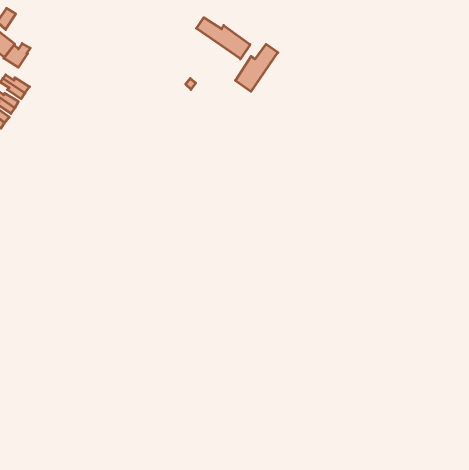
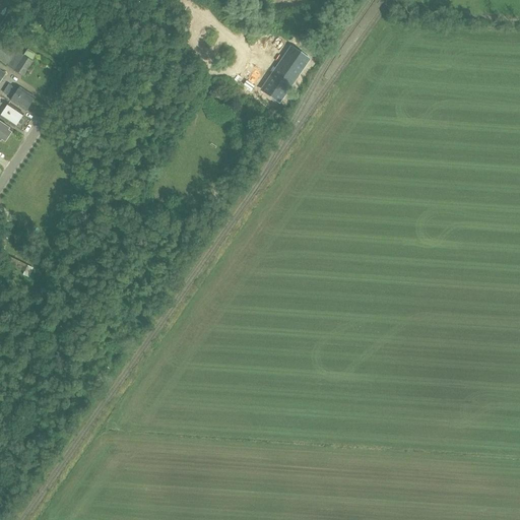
building: [196,18,250,59] -> none

